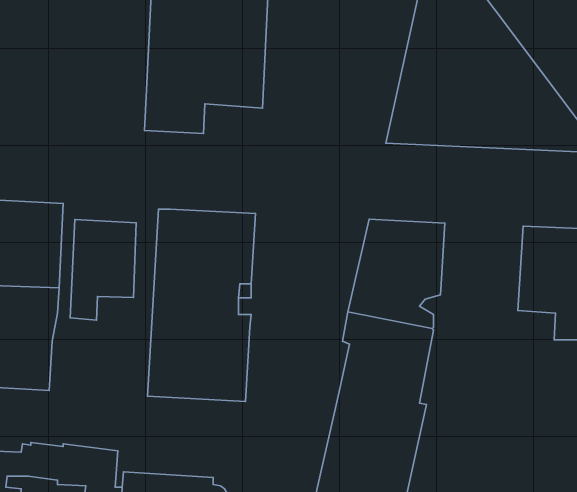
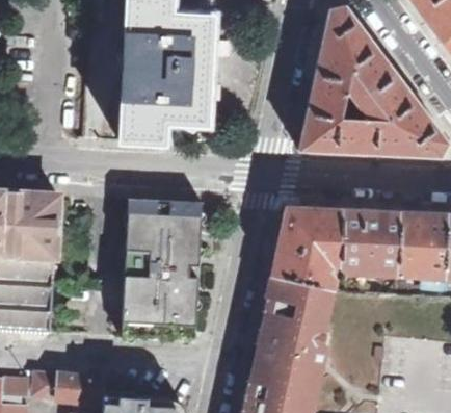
building: [70,219,136,320] -> none
building: none -> [339,209,400,274]

